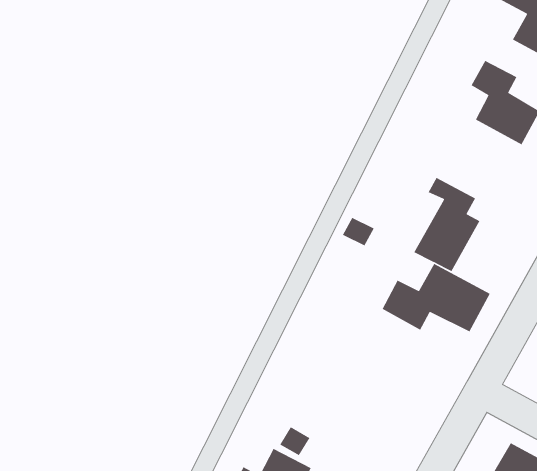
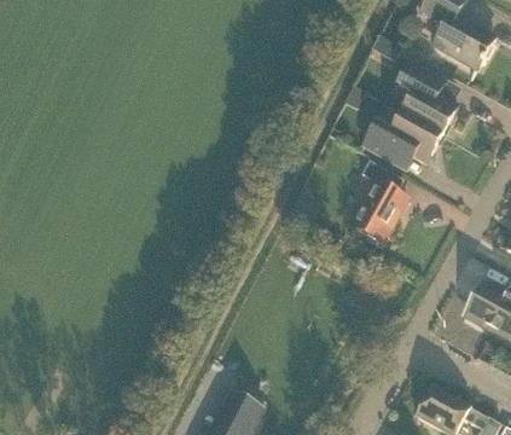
building: none -> [365,114,443,170]
building: [382,263,491,332] -> none

